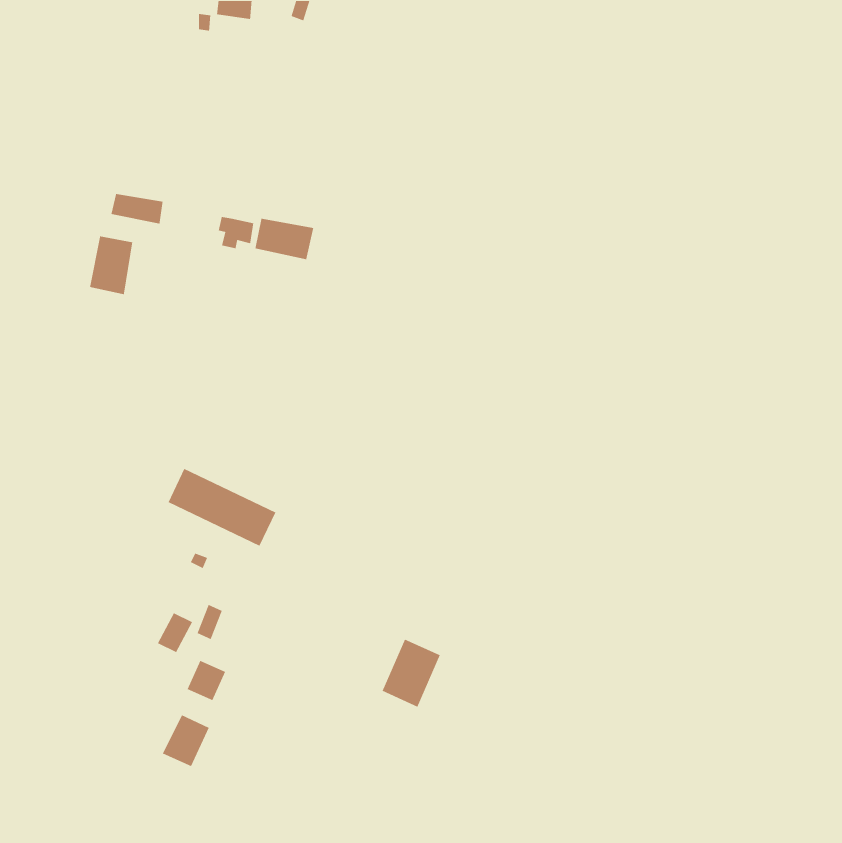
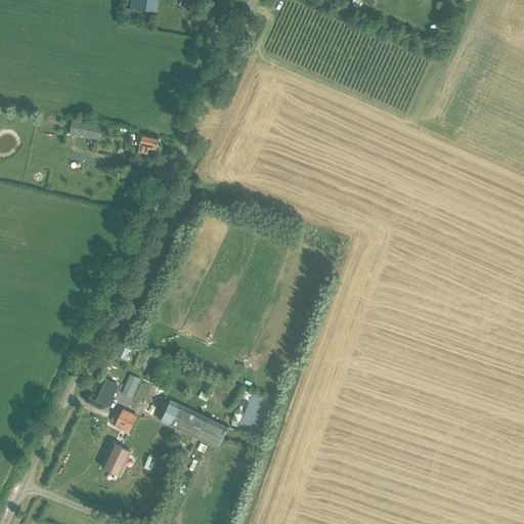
building: [255,218,314,260] -> none
building: [89,236,133,295] -> none
building: [167,468,276,547] -> [159,399,226,448]

